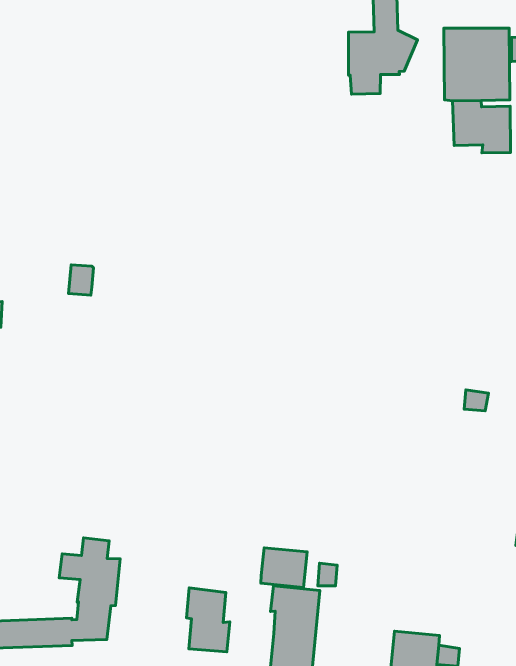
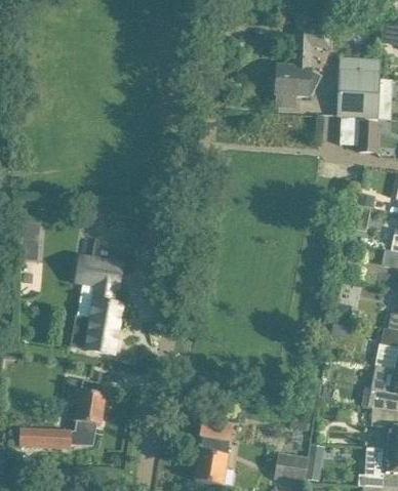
building: none -> [72,242,122,353]
building: [261,548,307,587] -> none
building: [186,588,230,652] -> none

